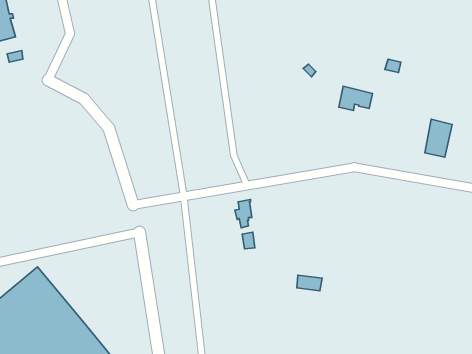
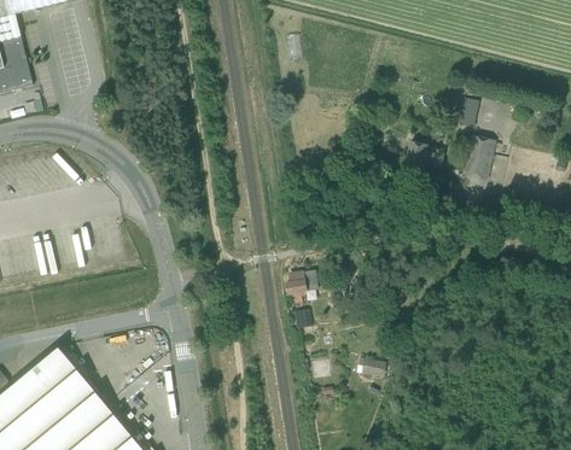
building: [425,119,452,157] -> [462,134,494,177]

